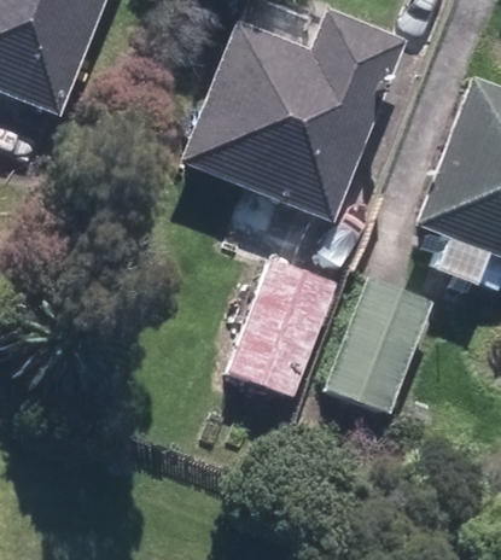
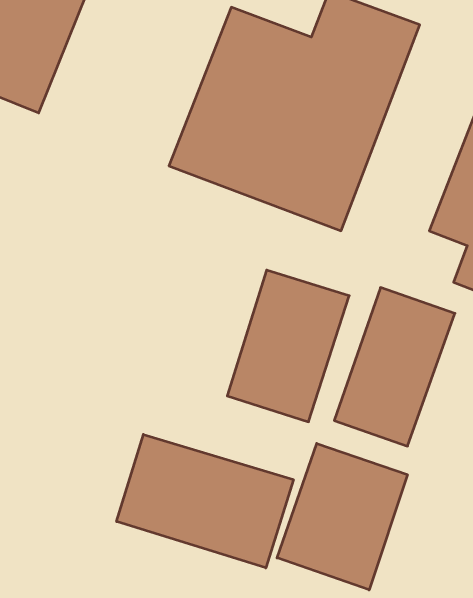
building: none -> [117,434,293,568]
building: none -> [277,443,407,590]

